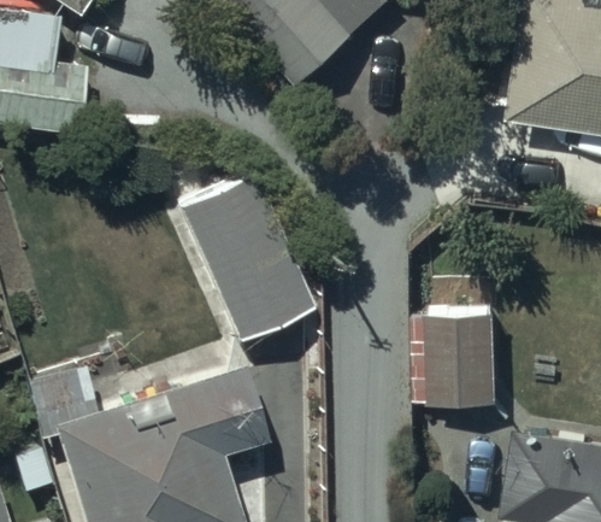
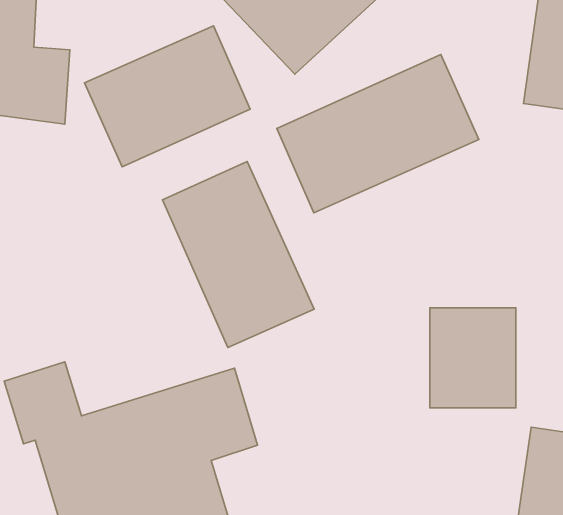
building: none -> [84,26,250,167]
building: none -> [277,54,479,213]

